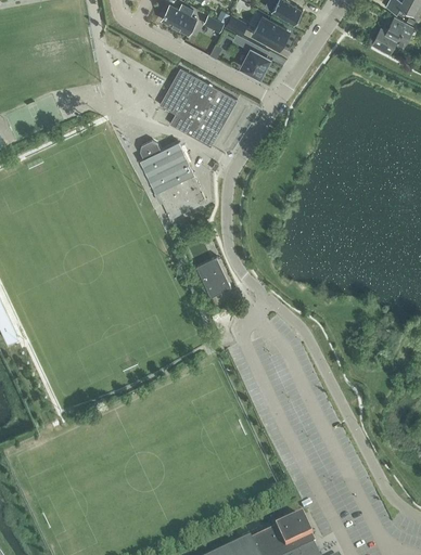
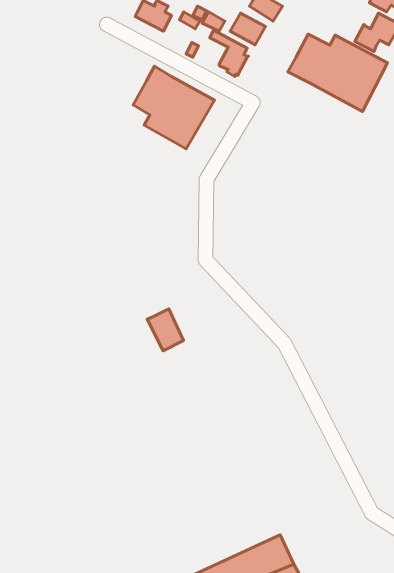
building: none -> [288,34,387,112]
building: [140,140,206,218] -> none
building: [195,256,230,296] -> [147,309,183,351]

